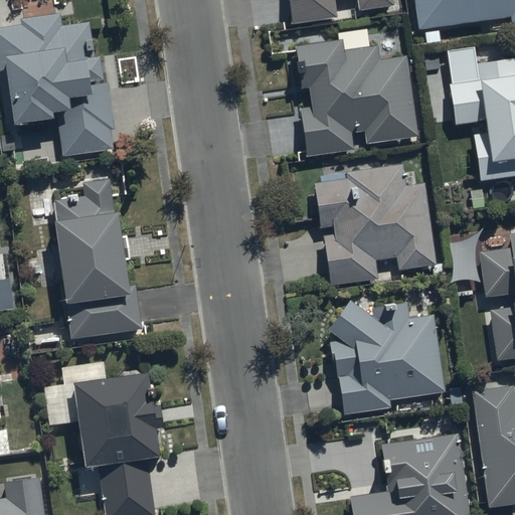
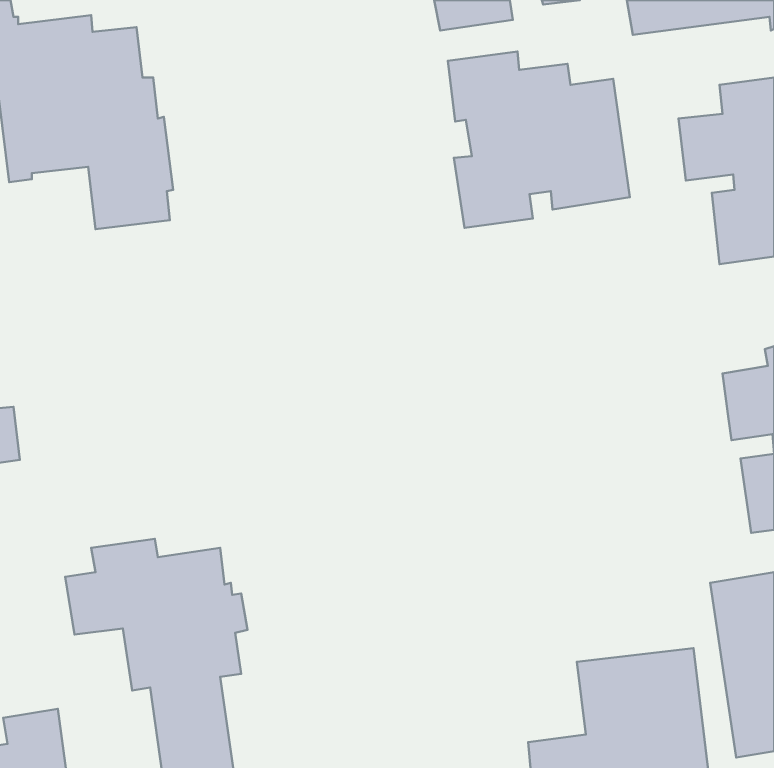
building: [315,164,437,285] -> none
building: [50,172,142,340] -> none
building: [327,298,446,415] -> none

